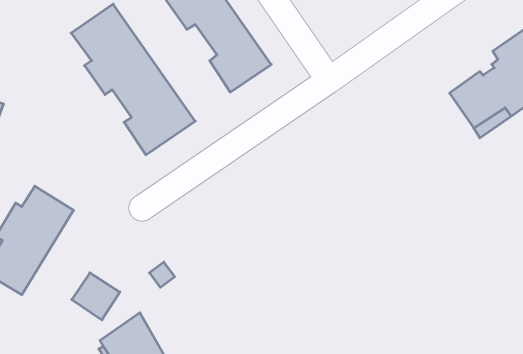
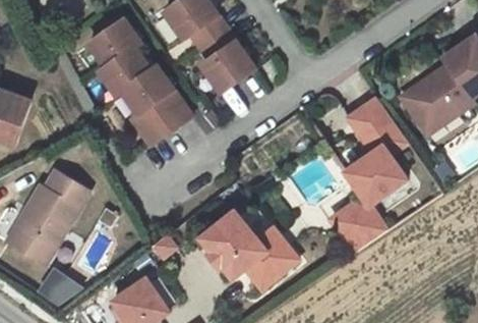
building: none -> [336,98,407,252]
building: none -> [199,214,294,292]
building: [72,273,120,320] -> [39,266,79,306]

